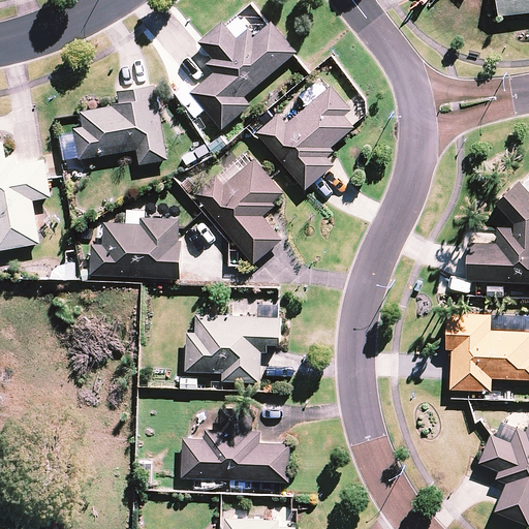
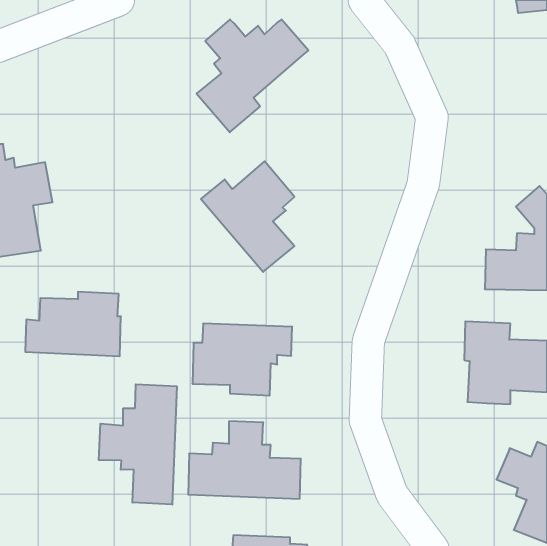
building: [72,85,167,164] -> none
building: [256,86,354,190] -> none
building: [89,217,181,279] -> [25,292,121,356]
building: none -> [99,384,177,505]

